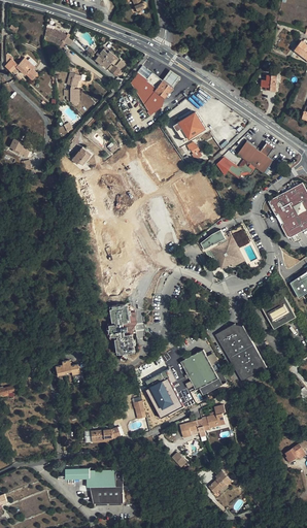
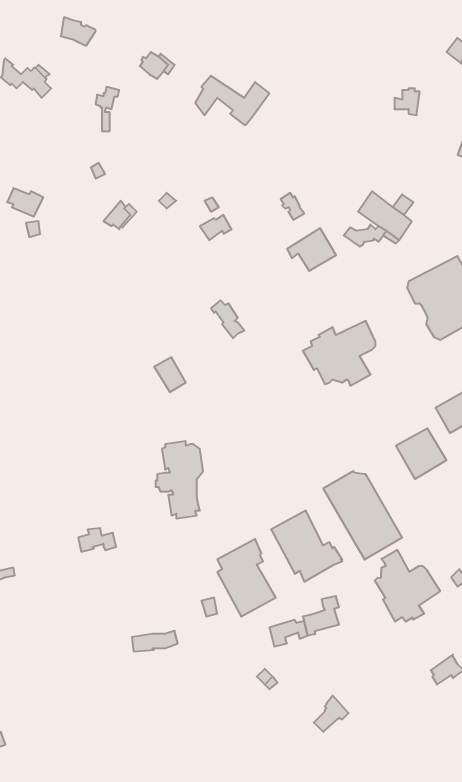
building: [136,80,163,114] -> none
building: [173,111,205,139] -> [287,228,336,271]
building: none -> [375,550,440,622]
building: [66,468,123,504] -> none

